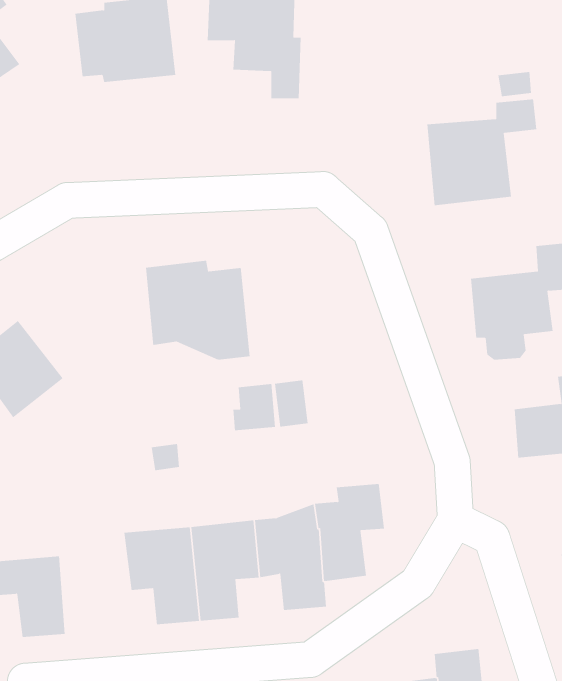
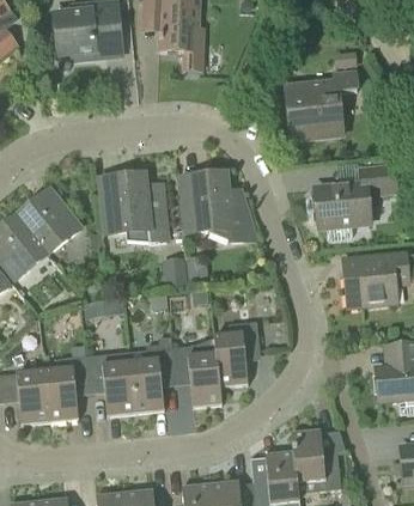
building: none -> [182,176,255,245]
building: none -> [17,190,79,254]
building: none -> [44,355,91,422]

